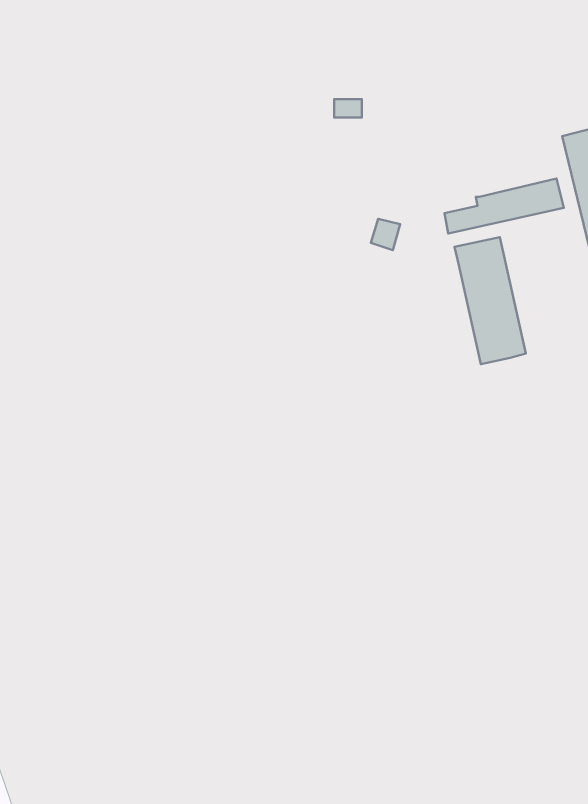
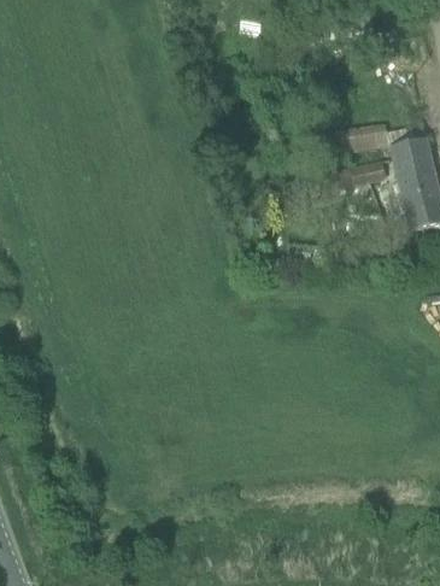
building: [454,237,526,364] -> none

